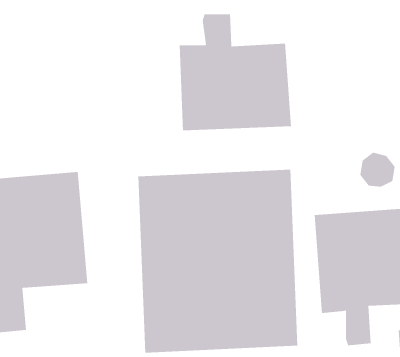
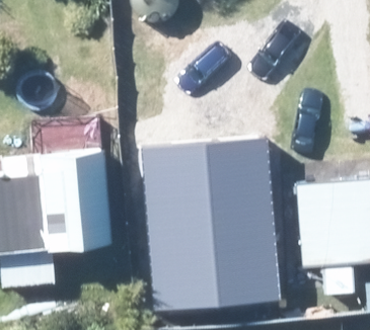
building: [179,13,291,131] -> none

